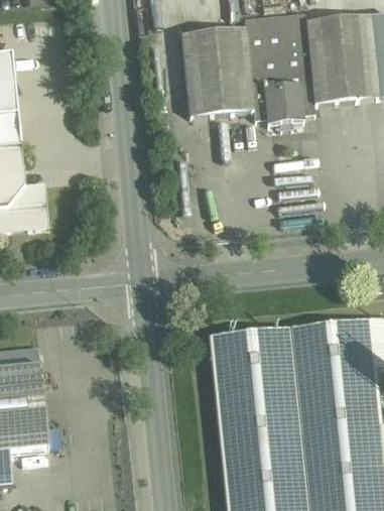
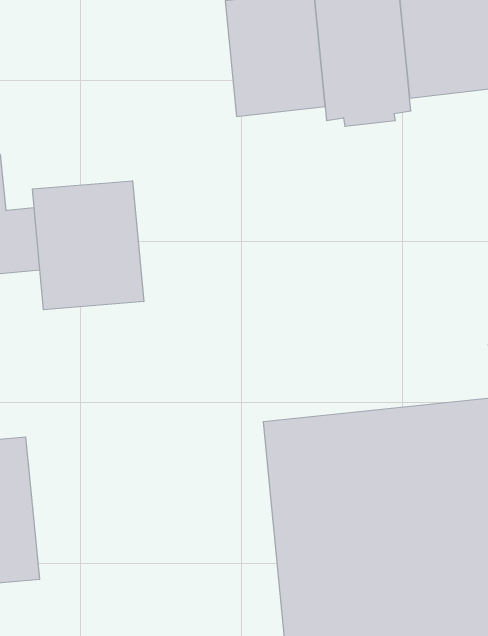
building: none -> [32,181,144,310]

